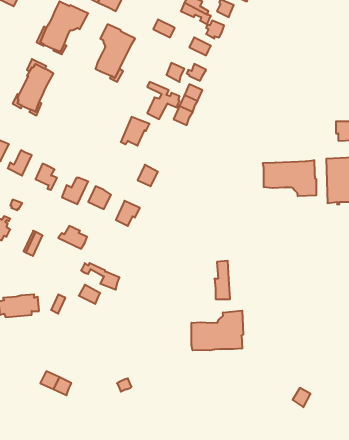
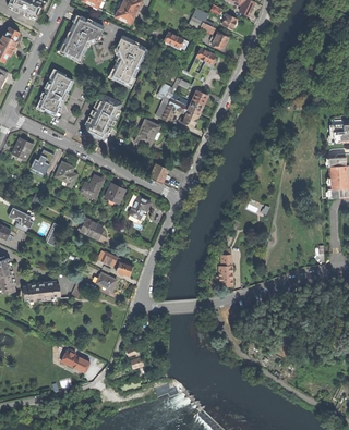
building: none -> [85,94,122,140]
building: [263,160,316,196] -> none
building: [191,311,243,350] -> none

